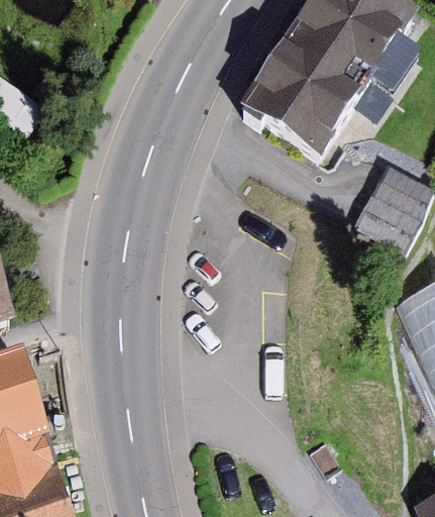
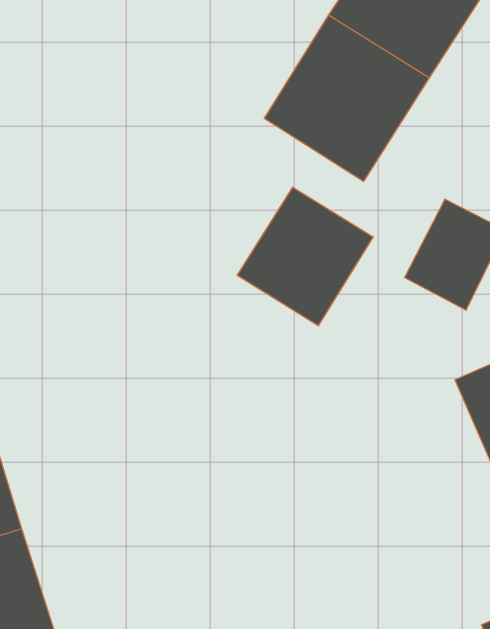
building: none -> [237,187,373,326]

